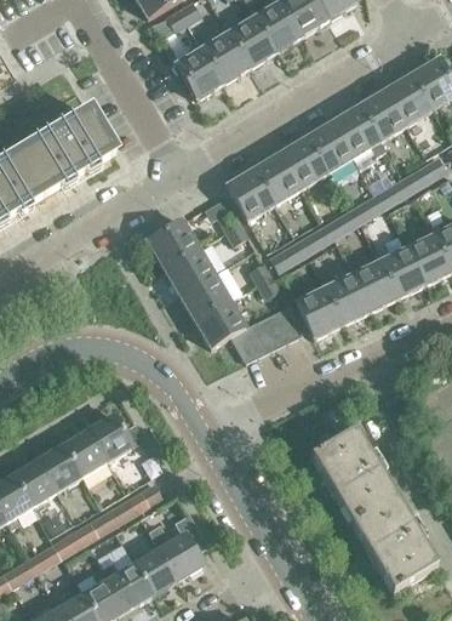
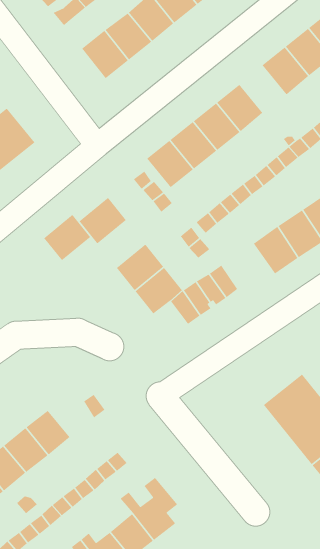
building: [333,106,385,155] -> none
building: [164,245,213,292] -> [43,214,91,261]
building: [296,287,342,336] -> none
building: [88,412,132,460] -> none

